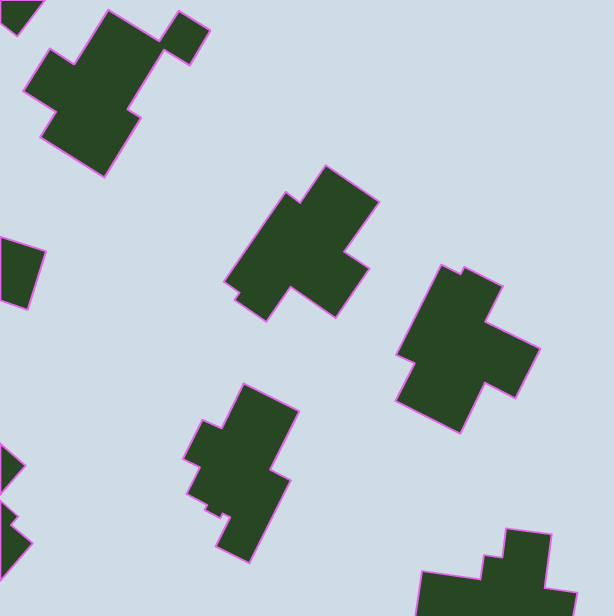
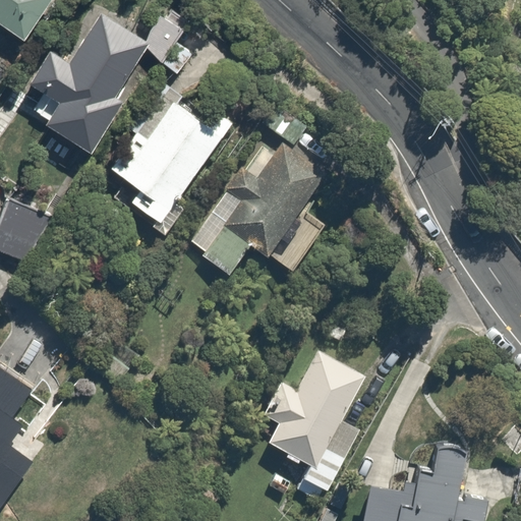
building: none -> [111,103,240,239]
building: [395,265,540,434] -> none
building: [183,383,299,563] -> [268,352,365,503]

